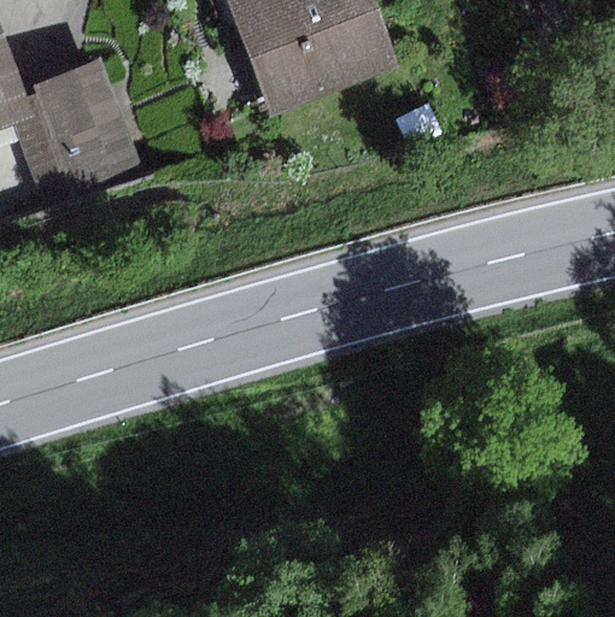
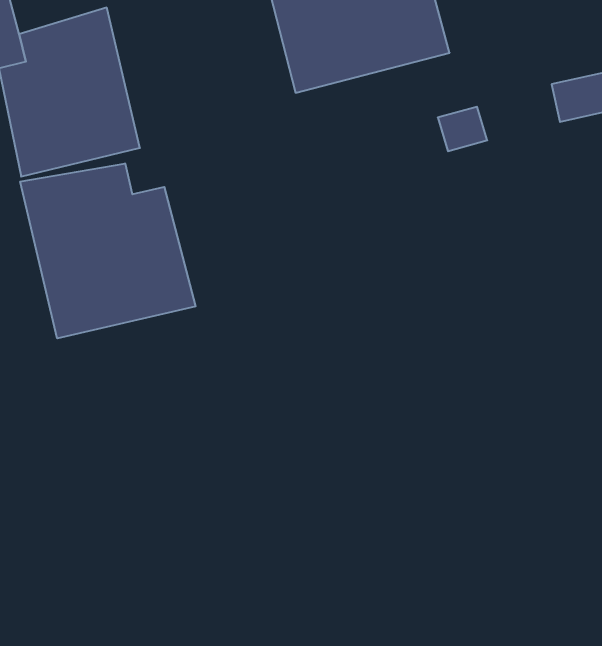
building: none -> [20,163,196,338]

